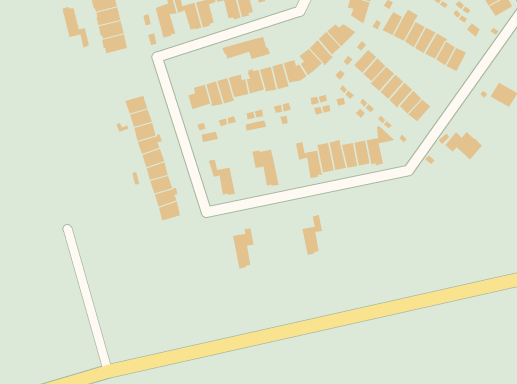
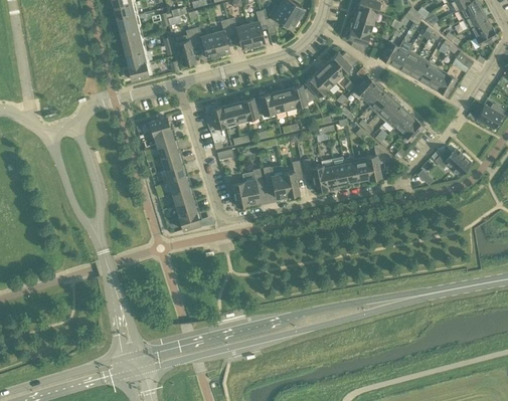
building: [62,6,90,48] -> none
building: [222,36,271,60] -> none
building: [302,214,323,256] -> [283,160,302,197]
building: [232,228,255,269] -> [242,168,263,205]

